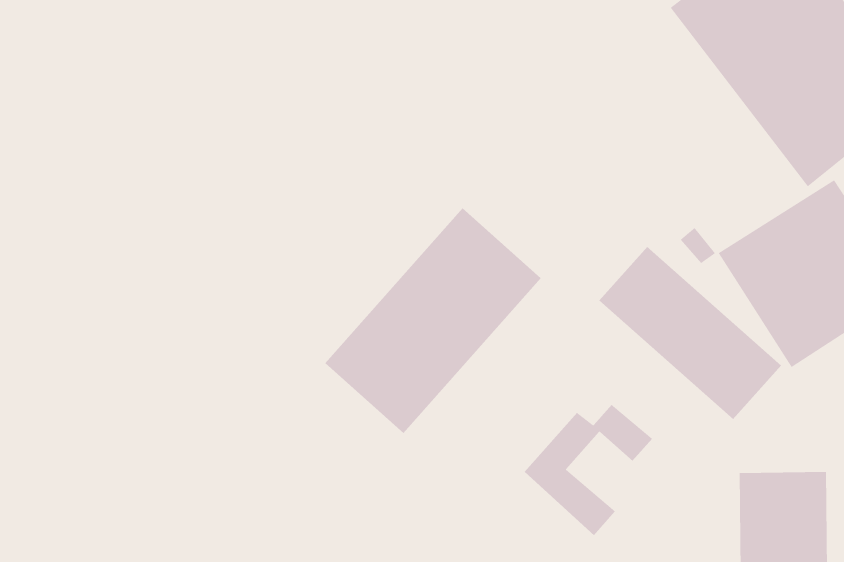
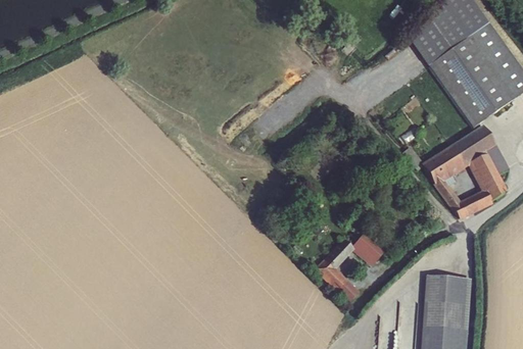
building: [324,207,542,434] -> none
building: [598,246,782,420] -> none

